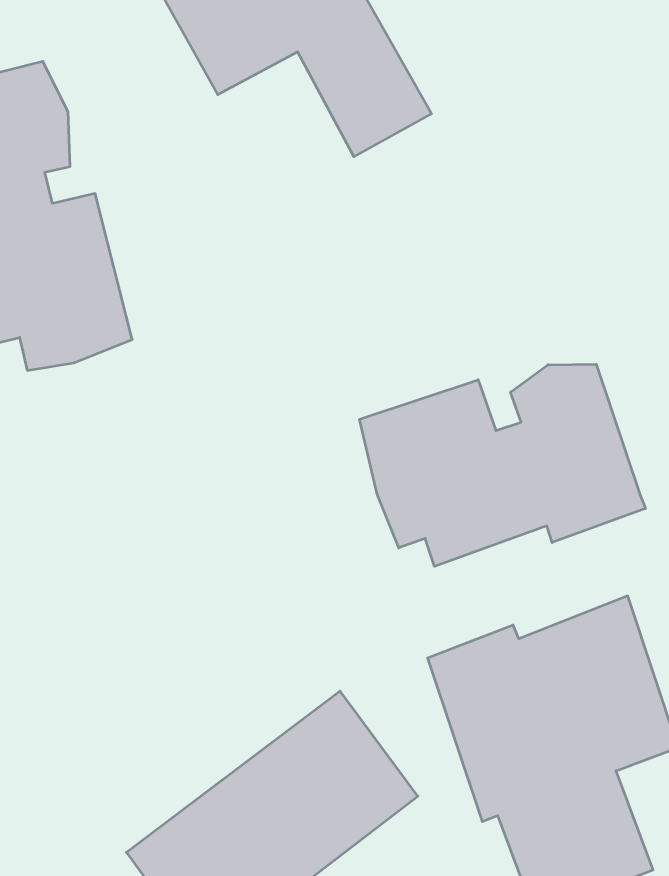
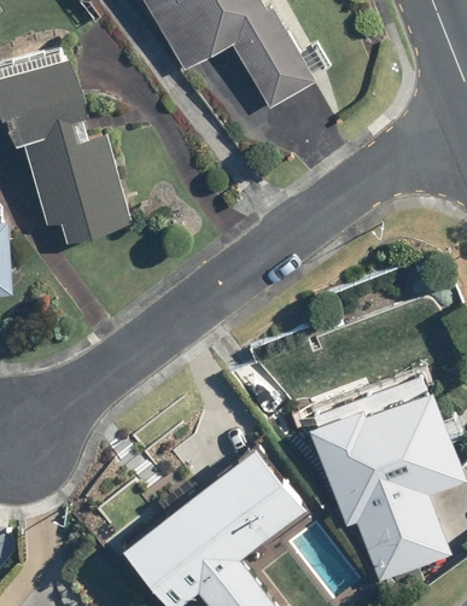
building: [360,364,645,566] -> none

